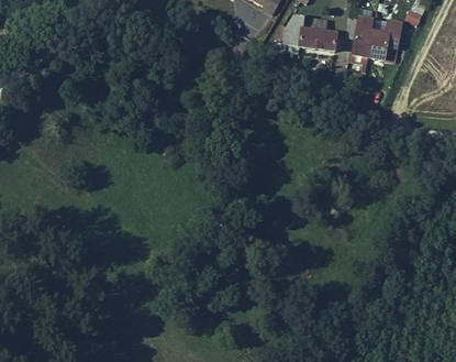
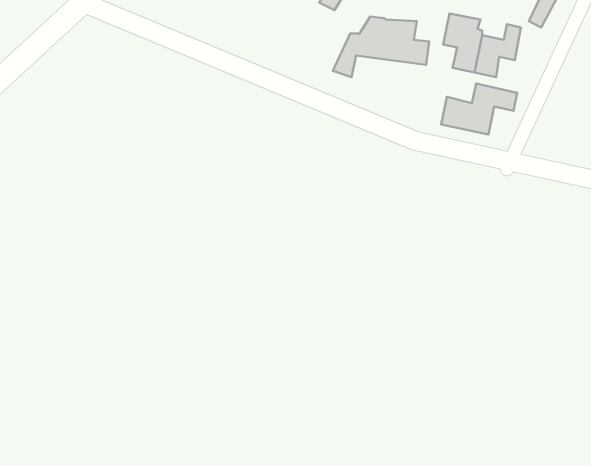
building: none -> [441,83,517,135]

